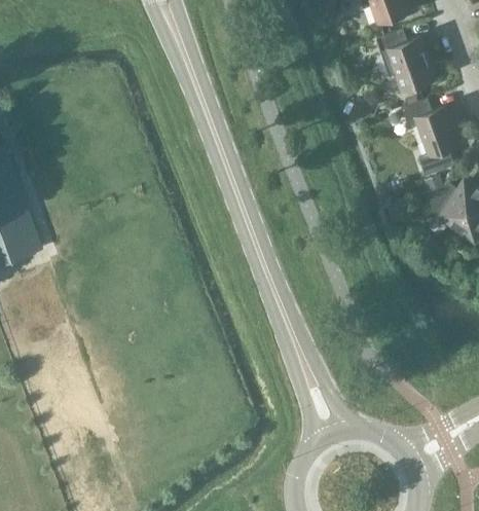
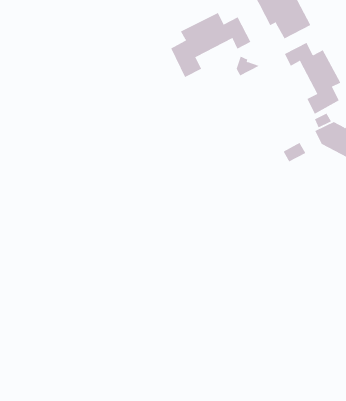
building: none -> [171,12,251,78]

